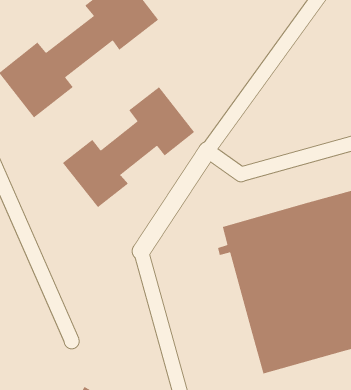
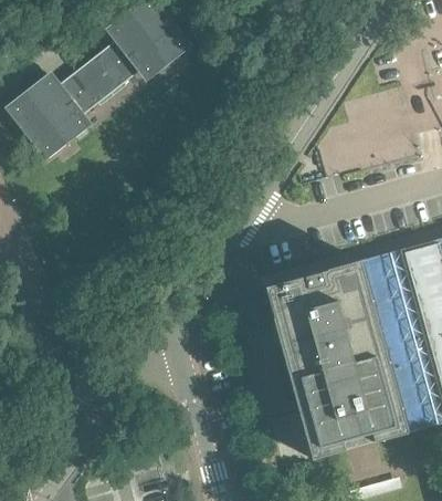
building: [62,86,195,208] -> none

